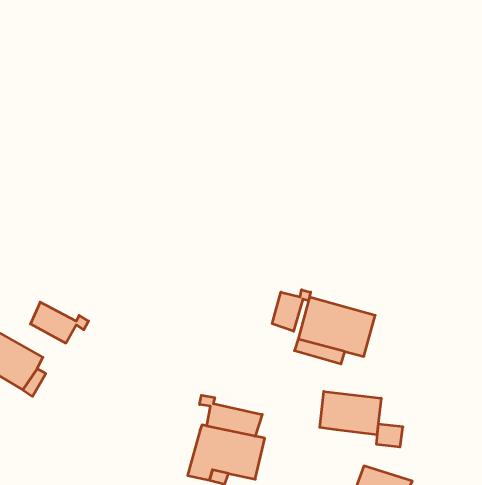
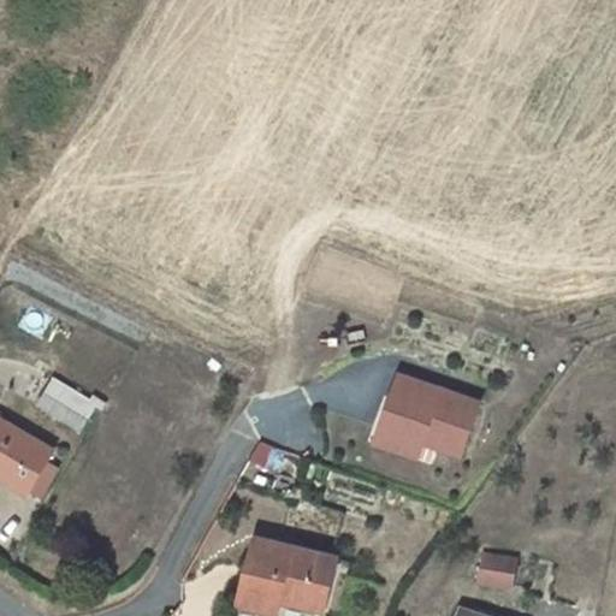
building: [272,290,311,331] -> none
building: [320,391,381,435] -> none
building: [200,395,262,436] -> none

